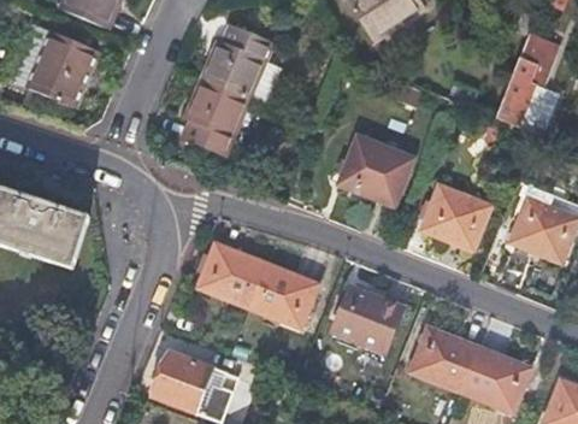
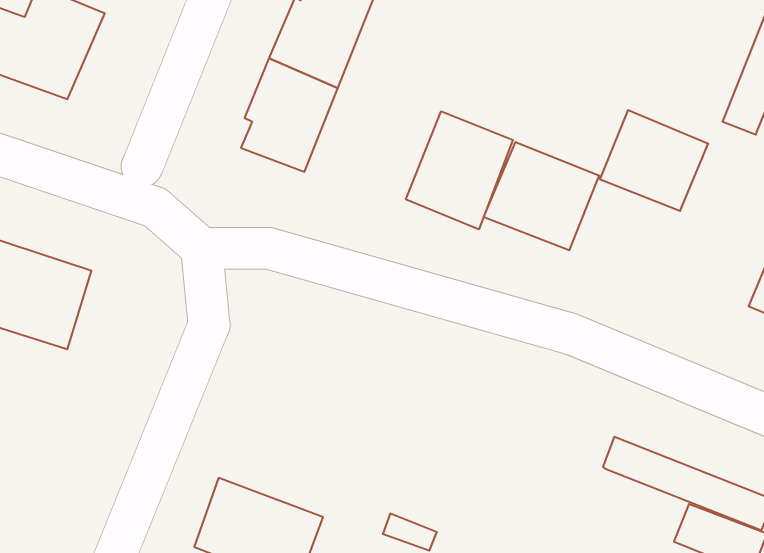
building: none -> [406,111,513,229]
building: [423,184,493,249] -> [600,110,708,211]
building: [199,243,319,329] -> none
building: [334,289,401,354] -> none
building: [411,347,472,393] -> none

